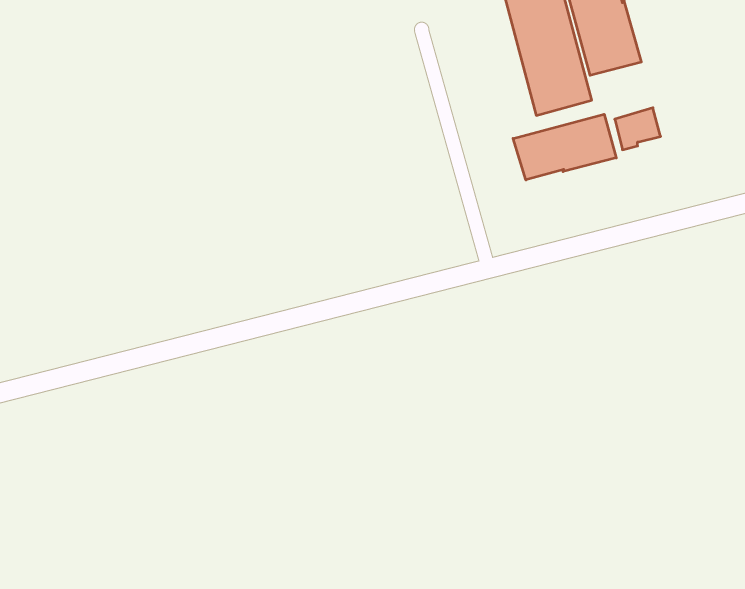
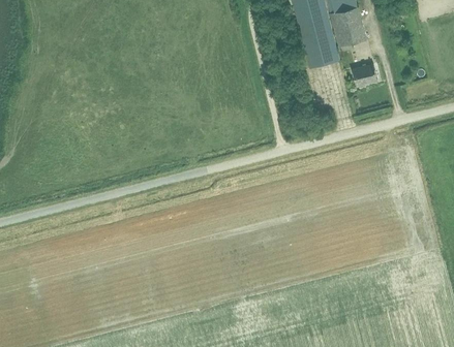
building: [513,114,616,180] -> none

